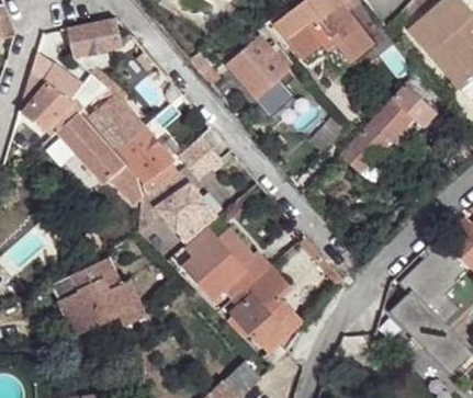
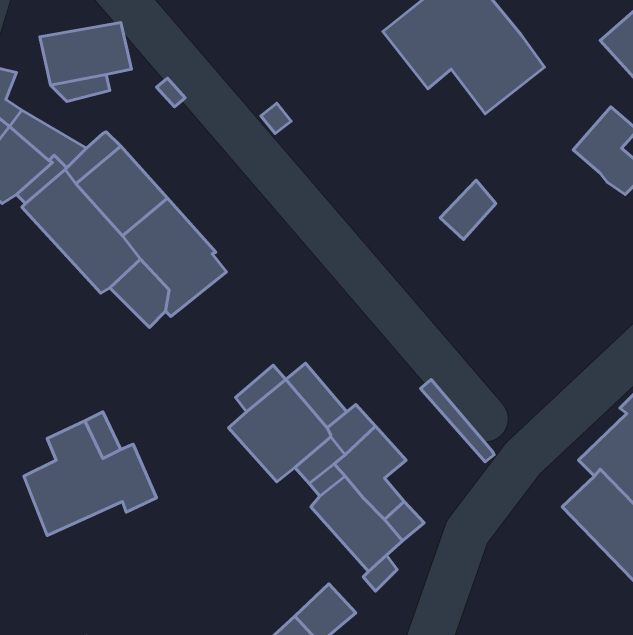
building: [226,36,296,116] -> none
building: [341,96,414,173] -> none
building: [138,136,222,243] -> none

